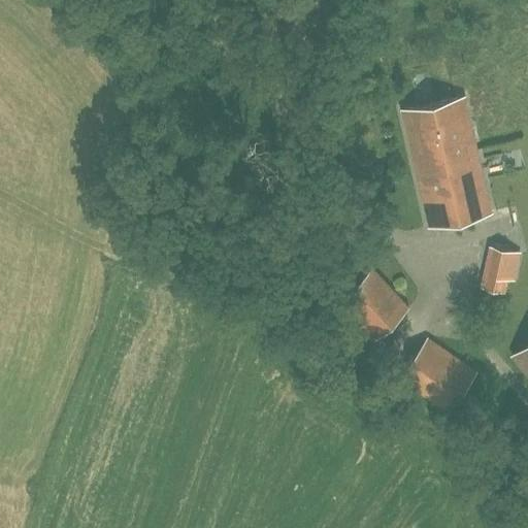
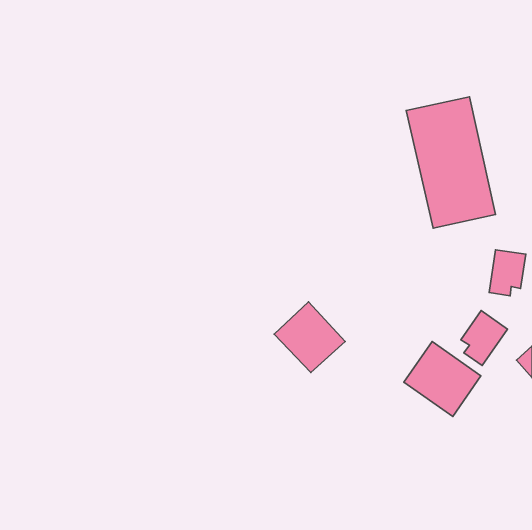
building: [339,270,409,340] -> [274,302,345,373]
building: none -> [461,310,507,366]

